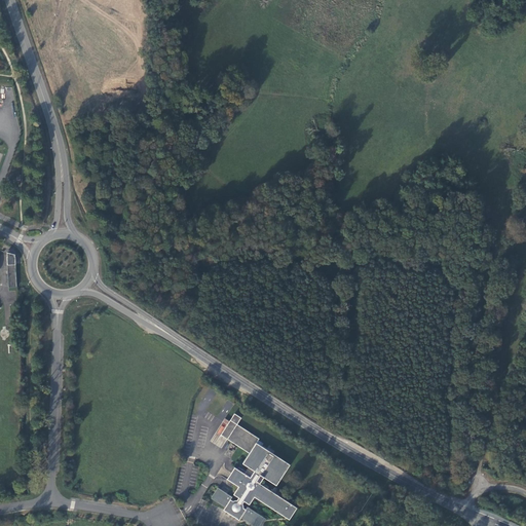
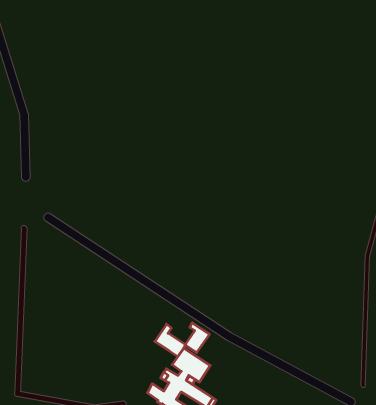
building: none -> [185,323,209,353]

